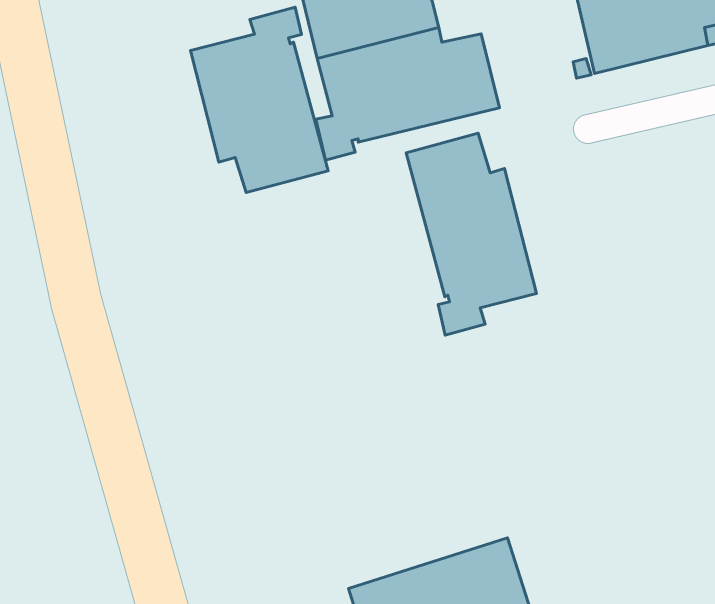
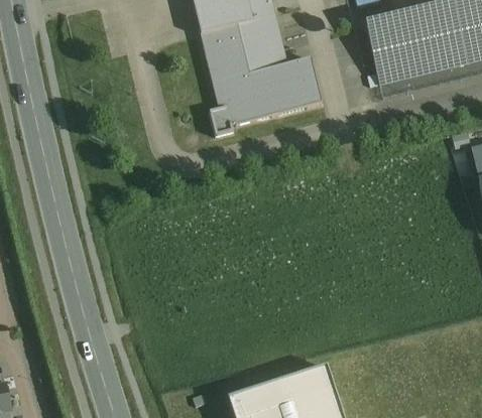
building: [190,7,328,193] -> none
building: [406,133,536,335] -> none

